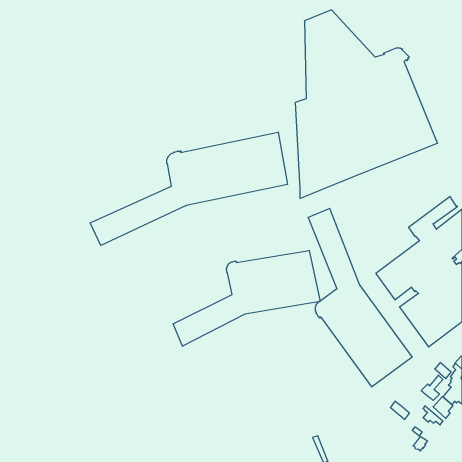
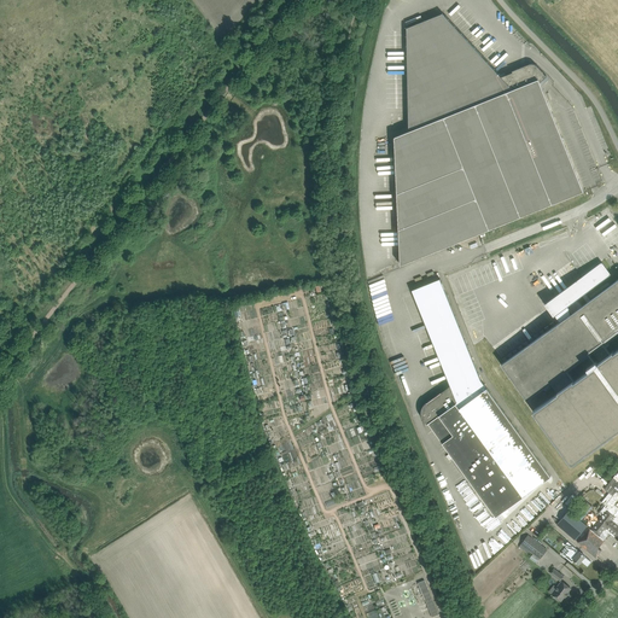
building: [90,132,288,245] -> none
building: [173,250,320,346] -> none

